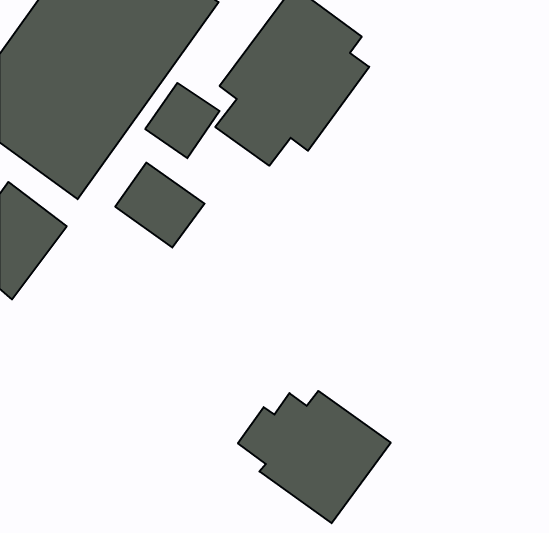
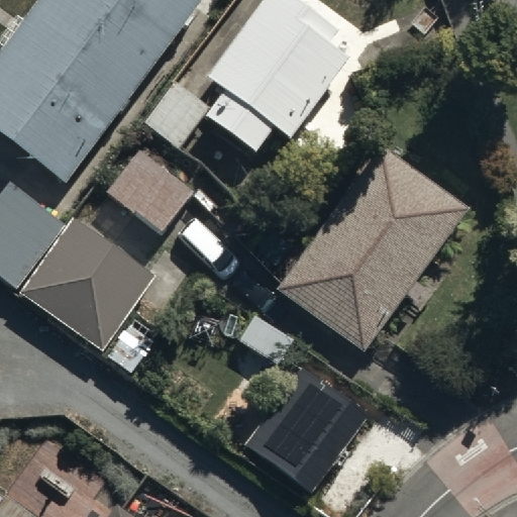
building: none -> [275,150,463,354]
building: none -> [17,216,157,373]

